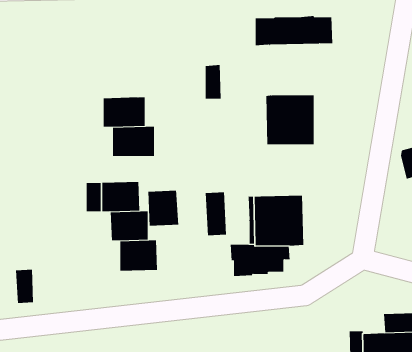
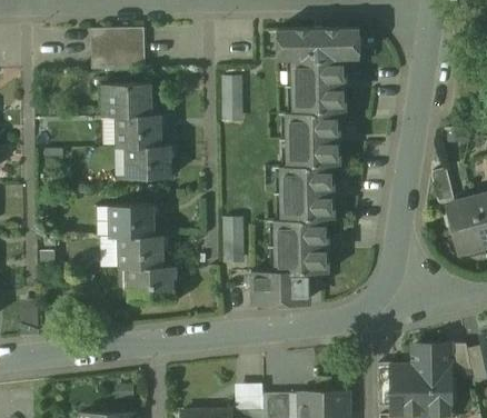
building: none -> [92,26,148,68]
building: none -> [294,58,346,112]
building: none -> [101,83,152,116]
building: none -> [282,166,335,220]
building: [148,190,179,227] -> none

